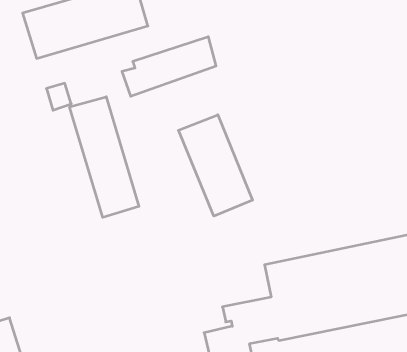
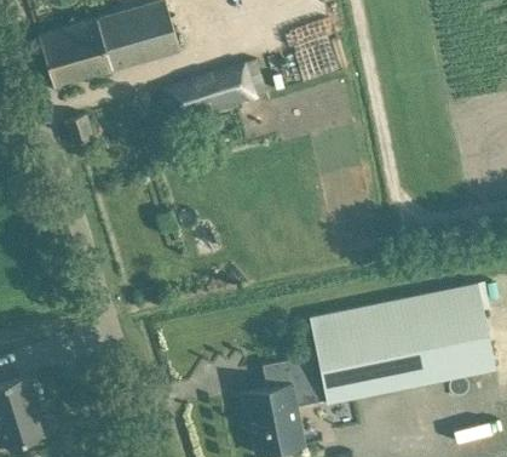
building: [70,97,139,217] -> none
building: [178,115,253,216] -> none

